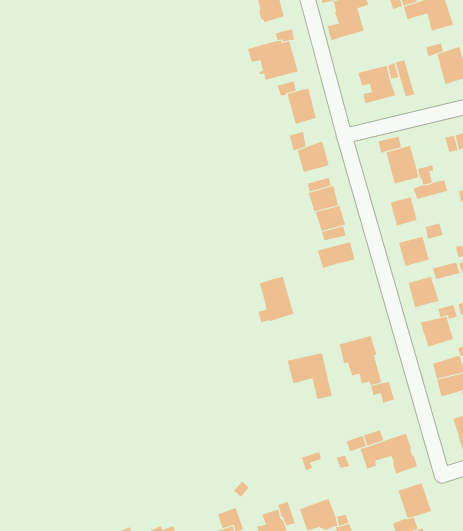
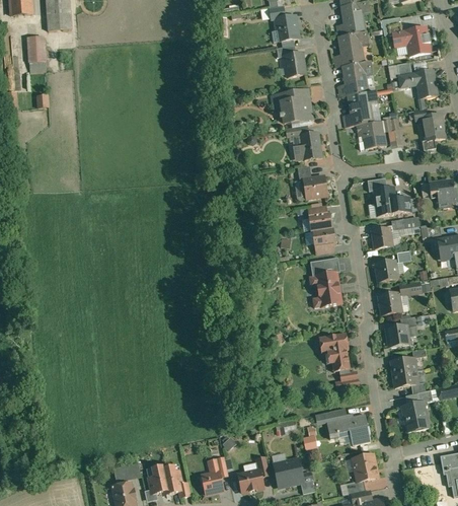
building: none -> [342,91,378,127]
building: [258,277,294,323] -> [313,273,341,307]
building: [287,353,333,400] -> none

